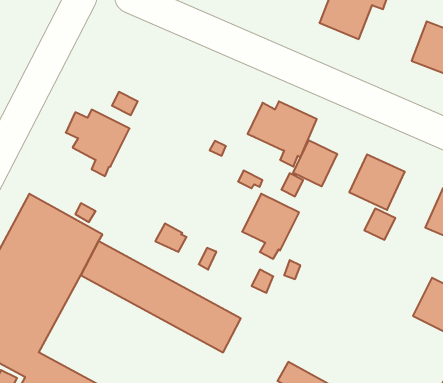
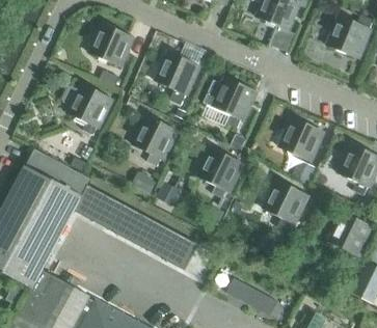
building: none -> [90,24,133,66]
building: none -> [156,52,199,103]
building: [293,140,337,186] -> none
building: none -> [134,116,177,166]
building: none -> [264,181,307,235]

